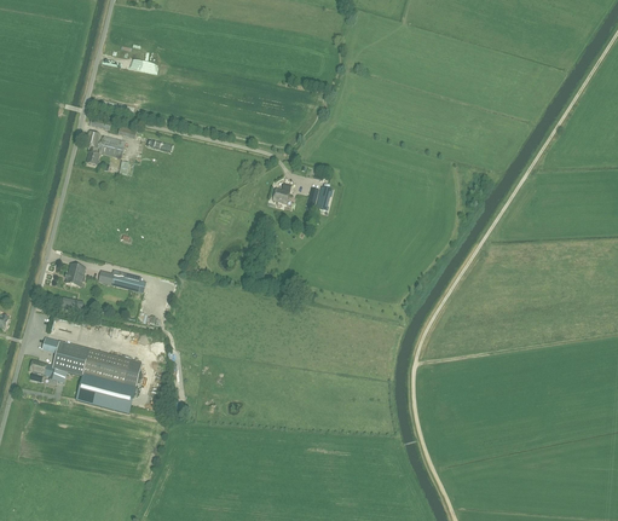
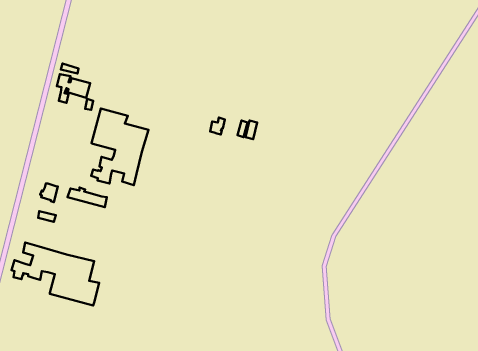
building: none -> [91,109,148,185]

